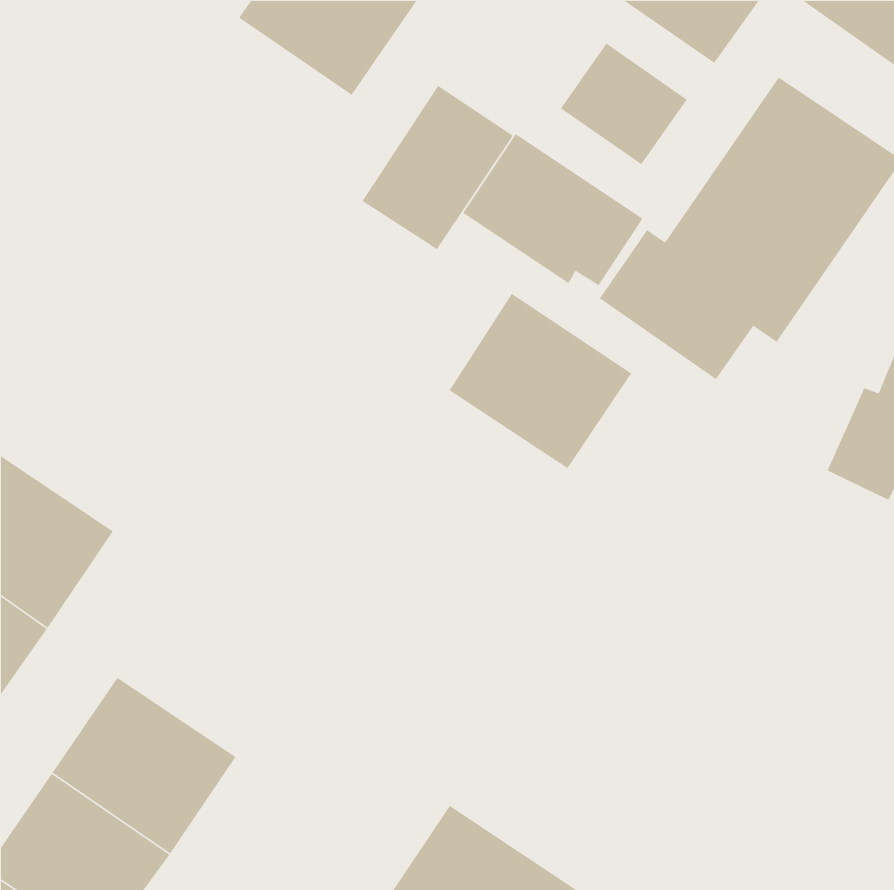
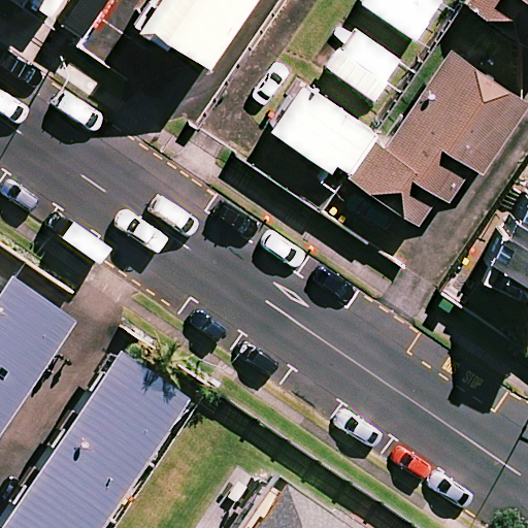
building: [362,85,514,250] -> none
building: [448,293,632,469] -> none
building: none -> [76,348,184,450]

